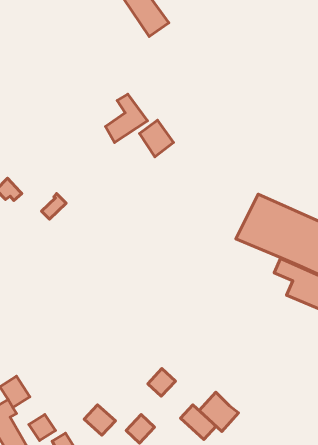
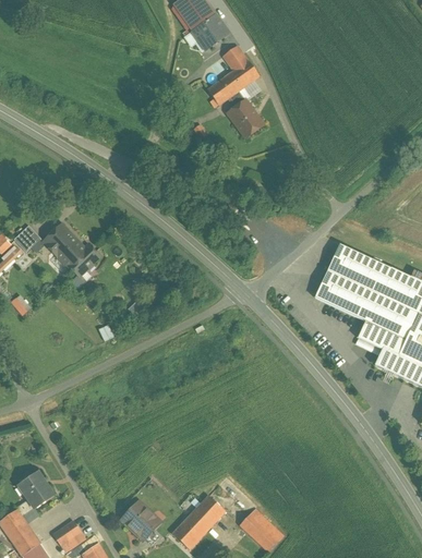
building: [105,94,147,142] -> [208,49,260,108]
building: [140,120,174,157] -> [225,98,266,143]
building: none -> [46,222,89,267]
building: [148,369,175,396] -> [194,495,228,529]
building: [199,392,238,431] -> none

